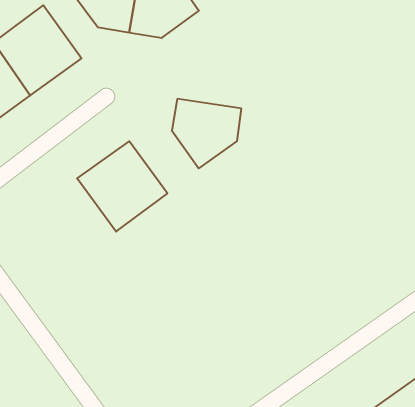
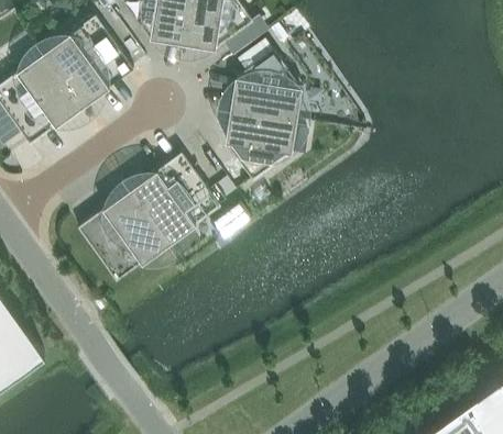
building: none -> [227,53,297,123]
building: none -> [74,193,165,285]

